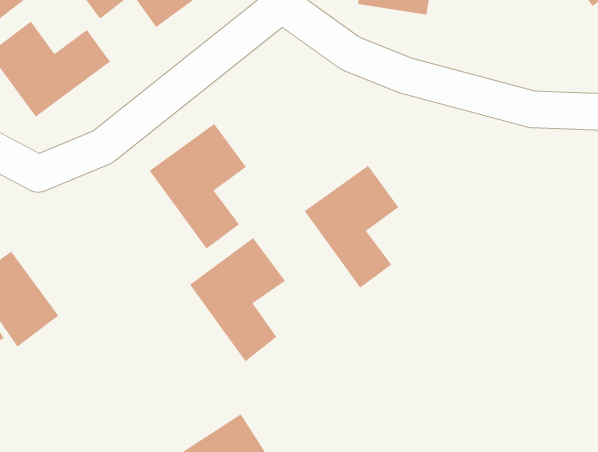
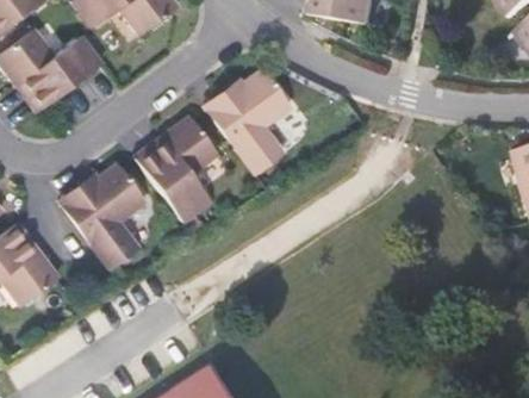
building: [304,165,399,288] -> [207,68,288,173]
building: [189,237,286,362] -> [62,162,144,268]

